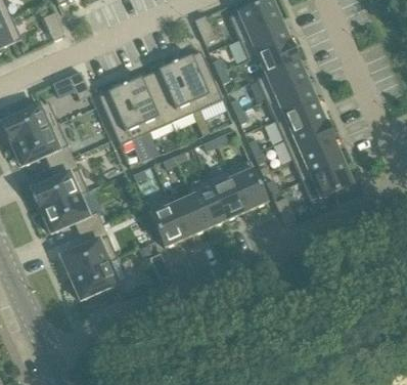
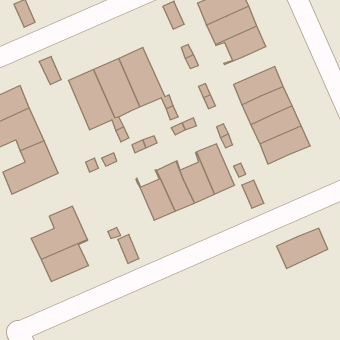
building: [174,49,222,111] -> none
building: [257,59,308,98] -> none
building: [301,161,353,202] -> [276,228,328,268]
building: [41,188,102,232] -> none
building: [146,195,185,246] -> none

